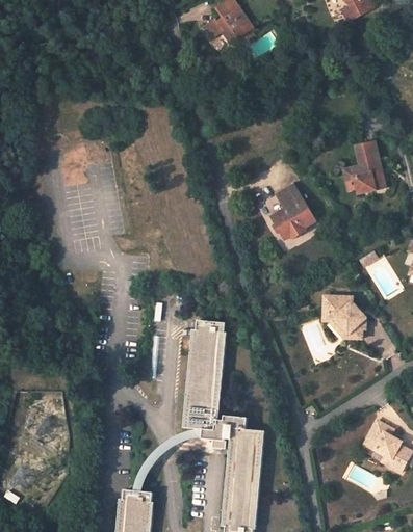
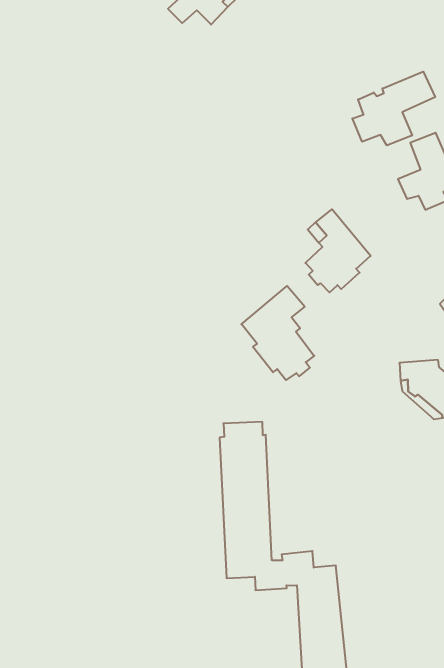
building: none -> [352,72,435,145]
building: none -> [241,286,314,380]

